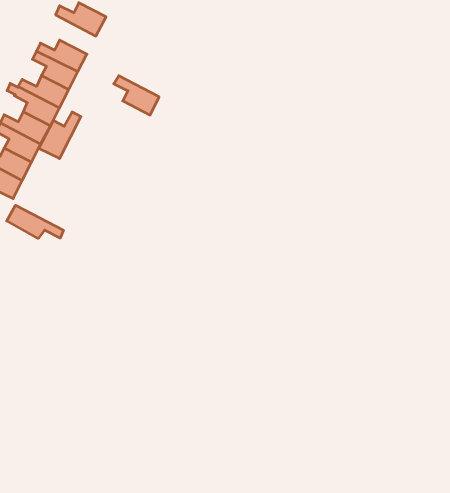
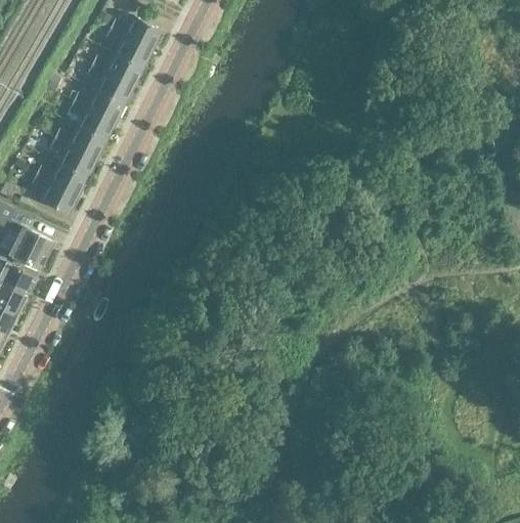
building: [114,76,159,115] -> [105,29,151,69]
building: [39,112,81,159] -> none
building: [7,205,63,238] -> none

